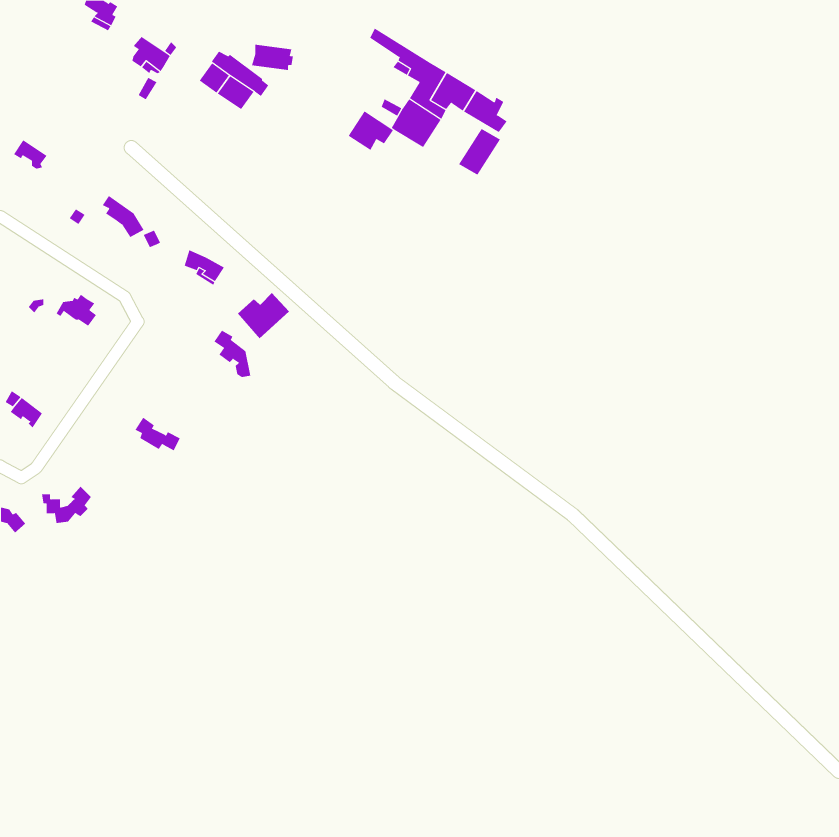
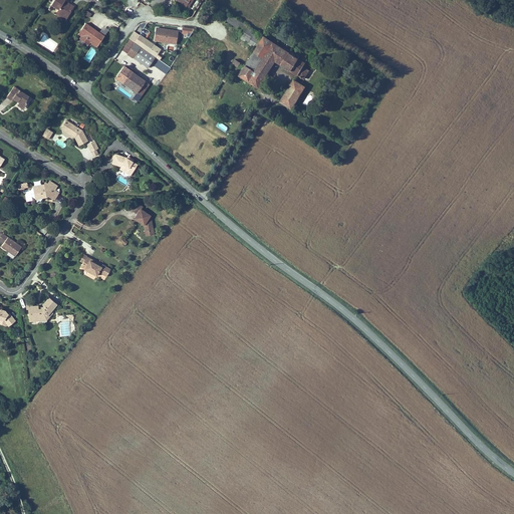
building: none -> [115,65,150,95]
building: [348,111,394,151] -> none
building: [237,292,290,339] -> none

